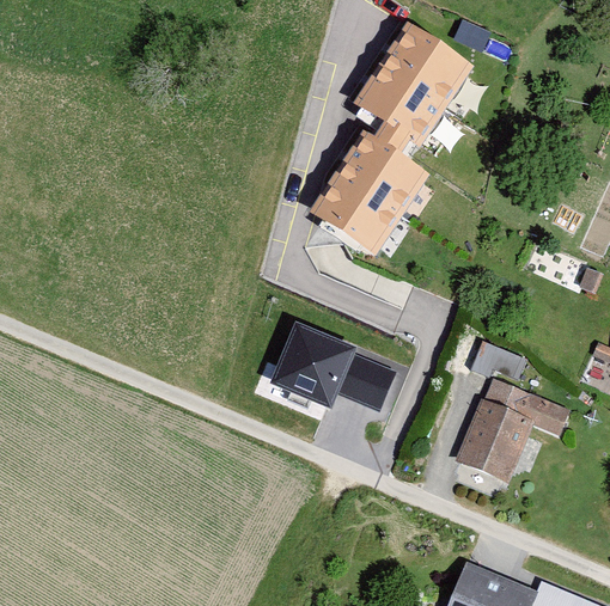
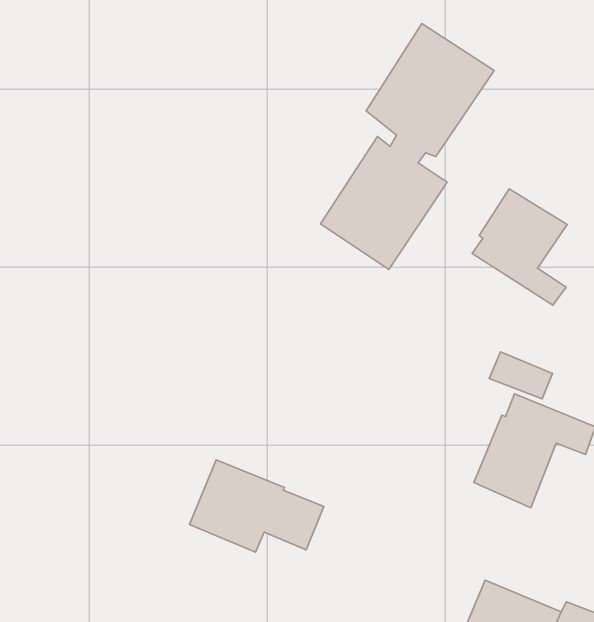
building: none -> [472,189,567,305]
building: [268,326,395,414] -> [189,460,324,552]

